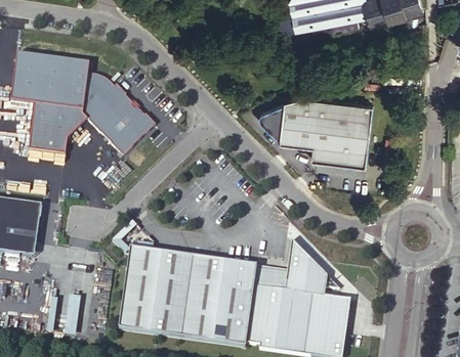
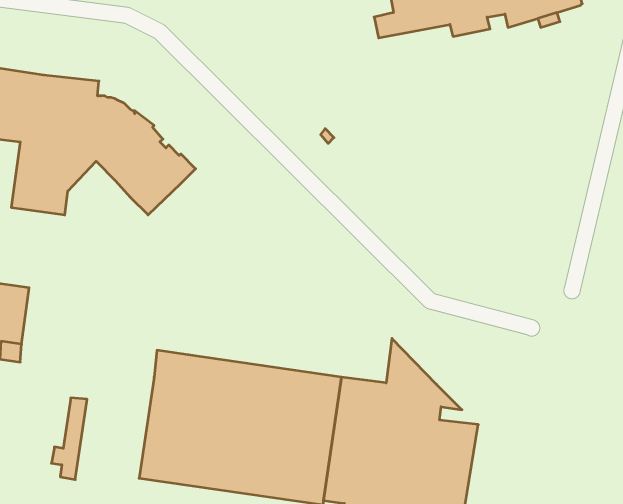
building: [259,92,375,165] -> none

